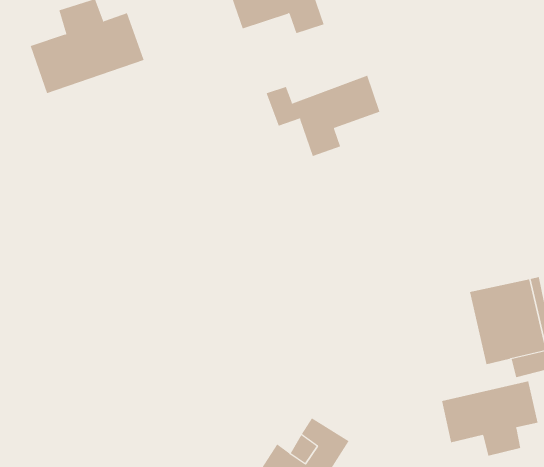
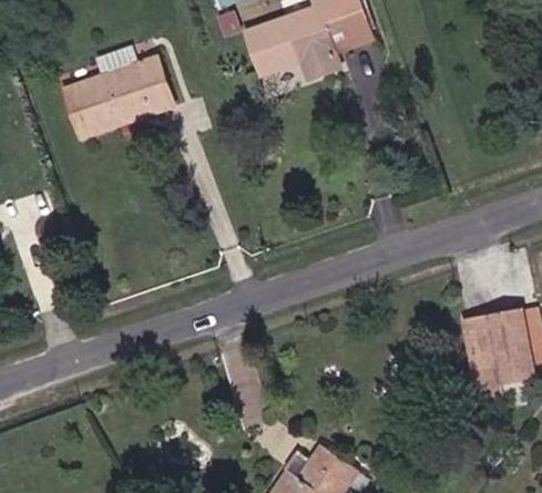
building: [266,75,380,157] -> none
building: [441,380,538,456] -> none

